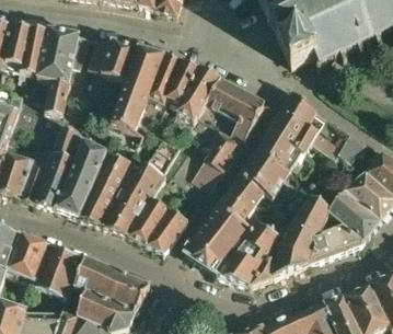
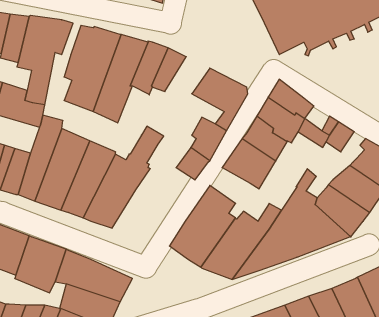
building: [175,68,224,120] -> none
building: [224,176,264,211] -> none
building: [129,198,187,251] -> none

